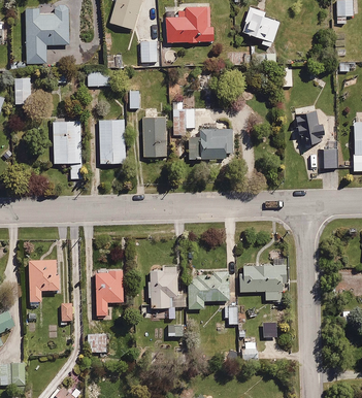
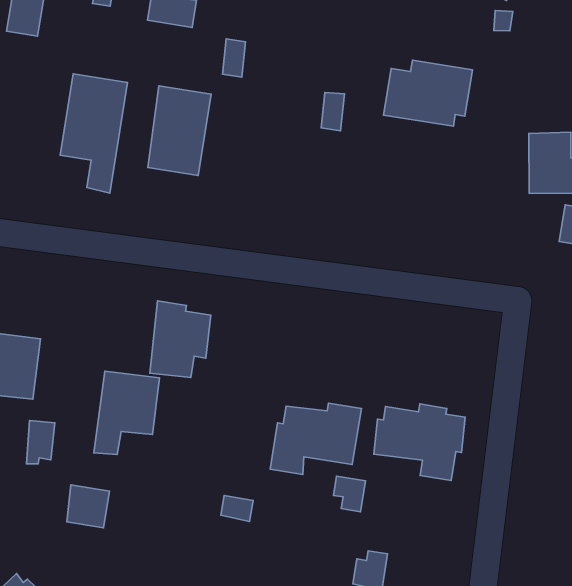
building: [141,117,167,156] -> none
building: [190,127,232,158] -> [384,60,472,126]
building: [149,268,178,306] -> [150,301,211,378]

